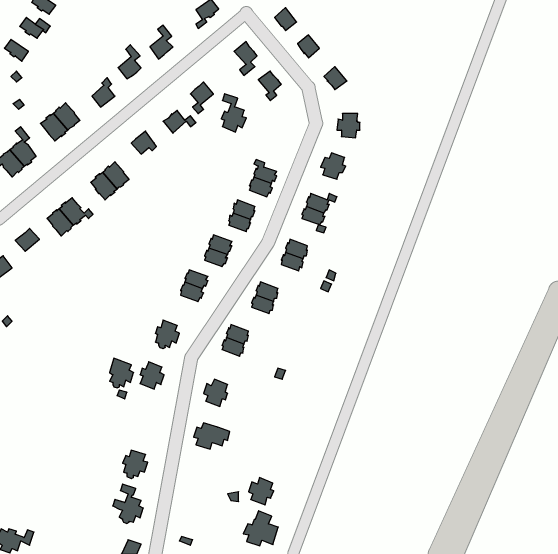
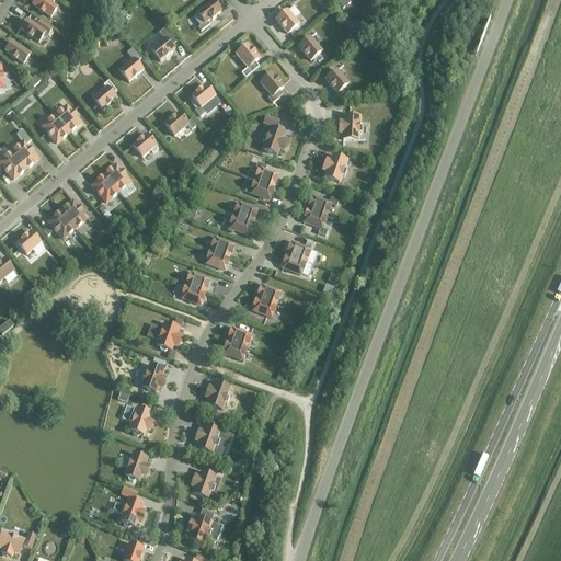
building: [221,94,246,132] -> [261,114,286,152]
building: [110,358,134,388] -> [128,404,152,434]
building: [249,478,274,505] -> [190,469,215,496]
building: [243,511,278,546] -> [185,506,220,541]

